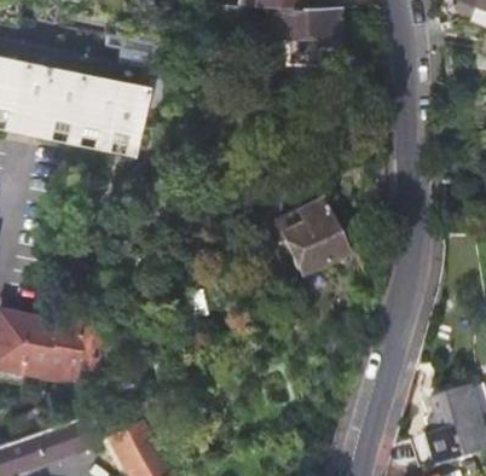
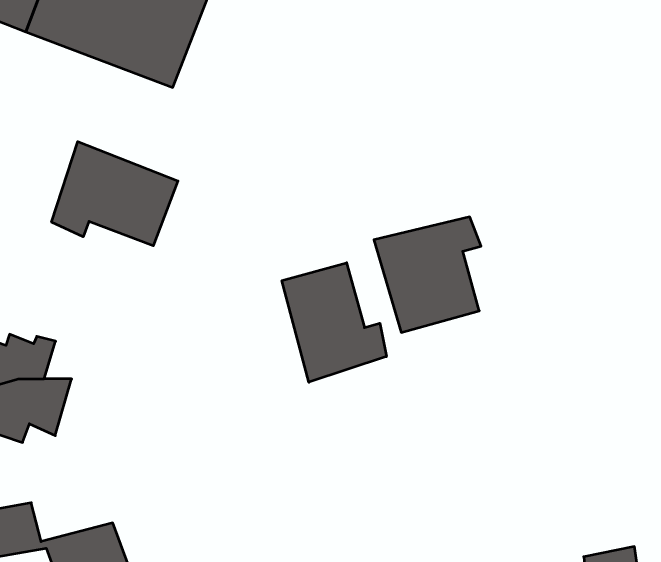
building: none -> [52,142,178,246]
building: none -> [282,263,386,382]

